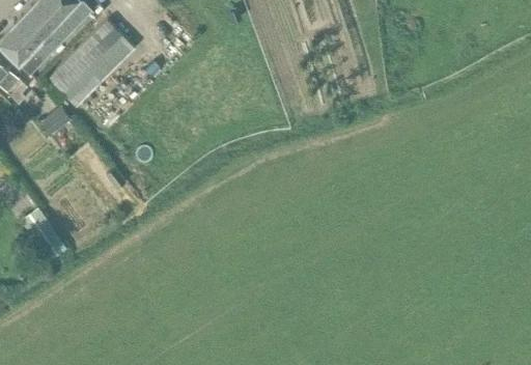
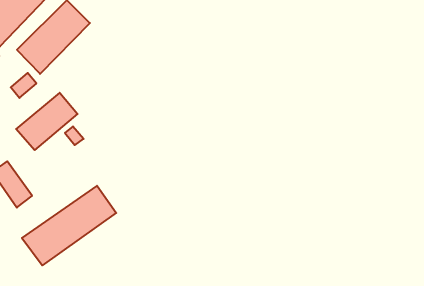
building: none -> [16,93,78,150]
building: none -> [22,186,116,265]

